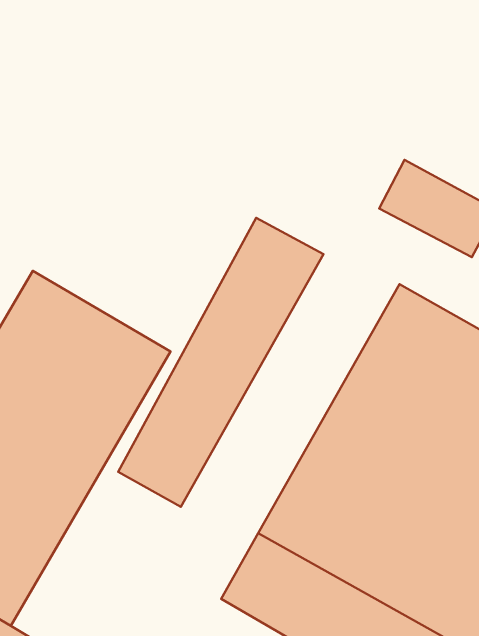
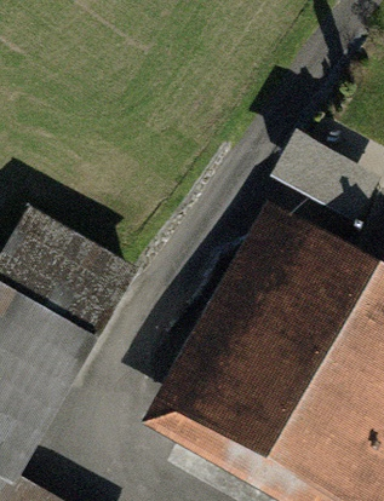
building: [118,218,323,507] -> none

